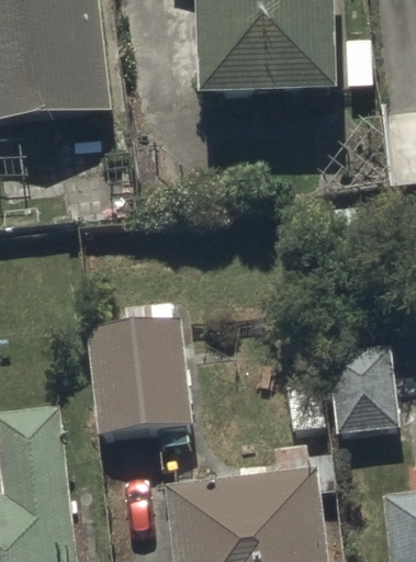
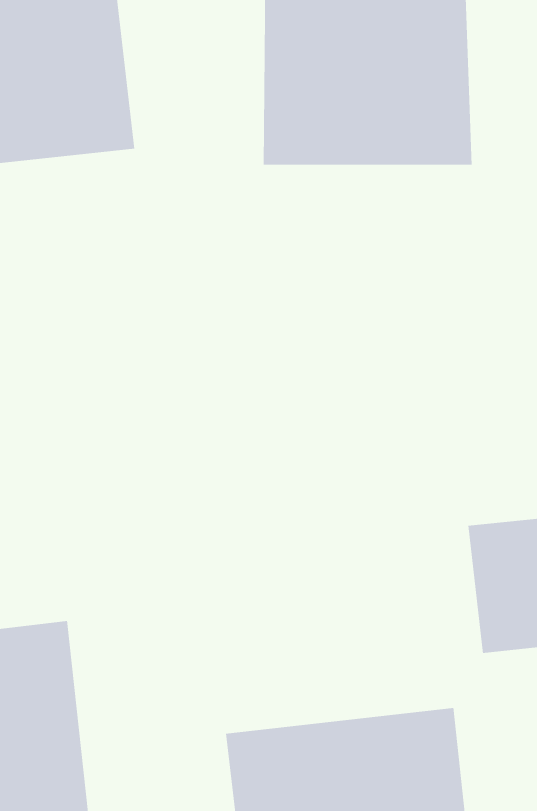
building: [91,303,193,437] -> none

